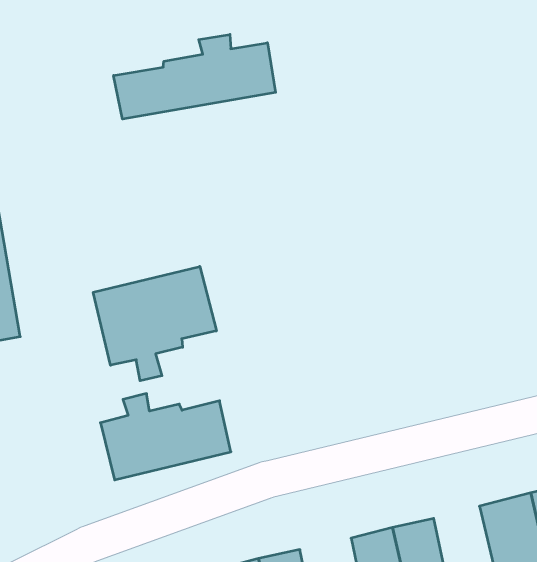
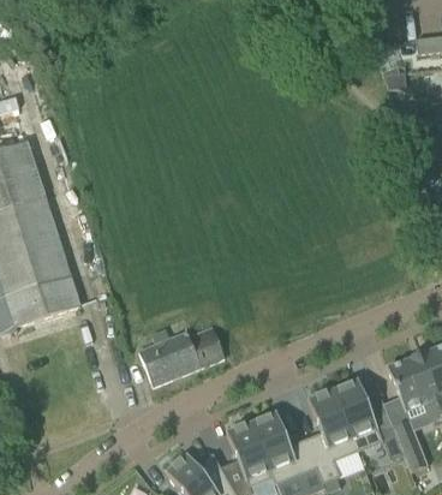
building: [114,34,276,119] -> none
building: [93,266,216,381] -> none

